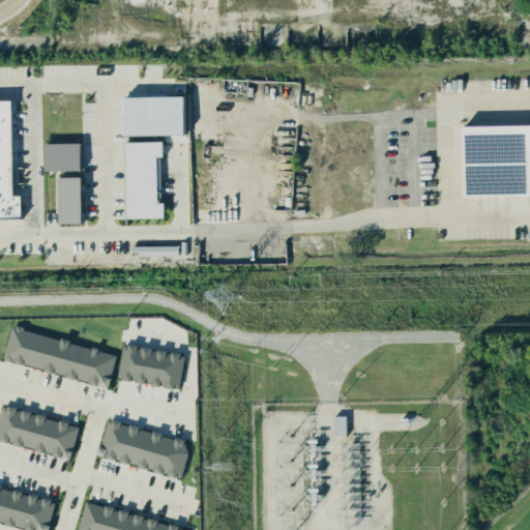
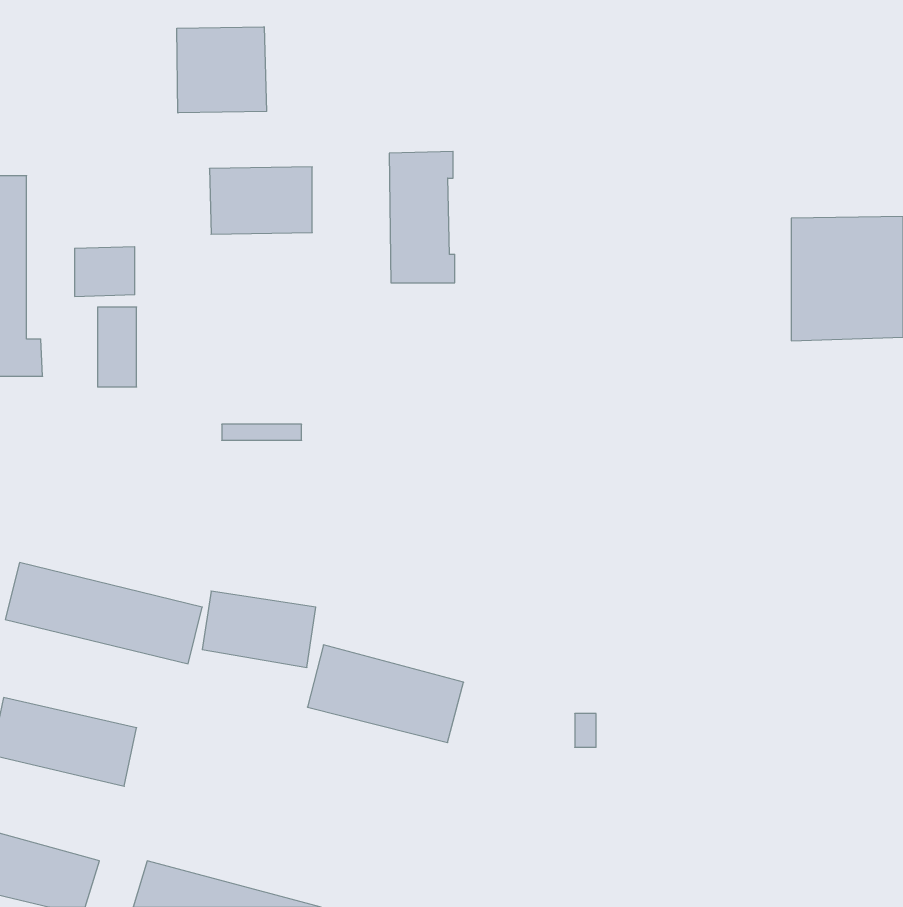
building: none -> [177,27,267,113]
building: [124,143,163,219] -> [389,151,455,283]
building: [99,420,190,477] -> [307,645,464,743]

